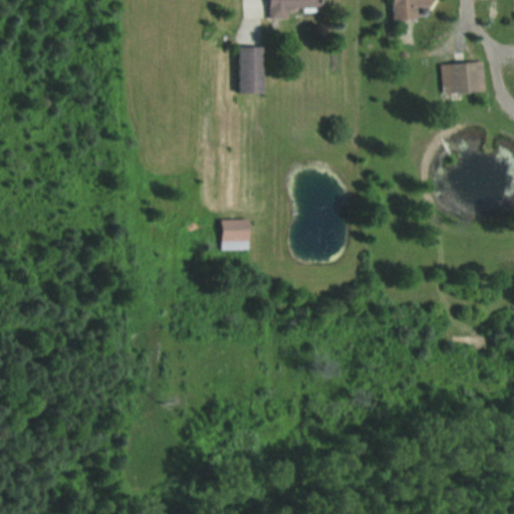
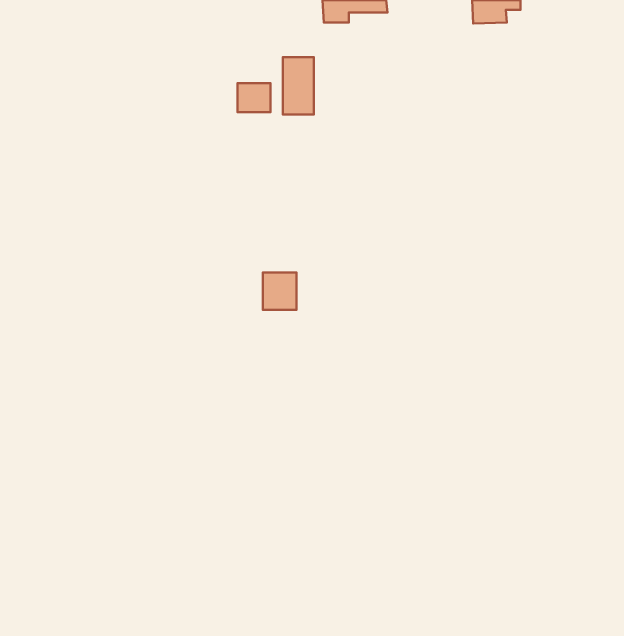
building: [445,61,488,92] -> none
building: none -> [238,83,271,112]

